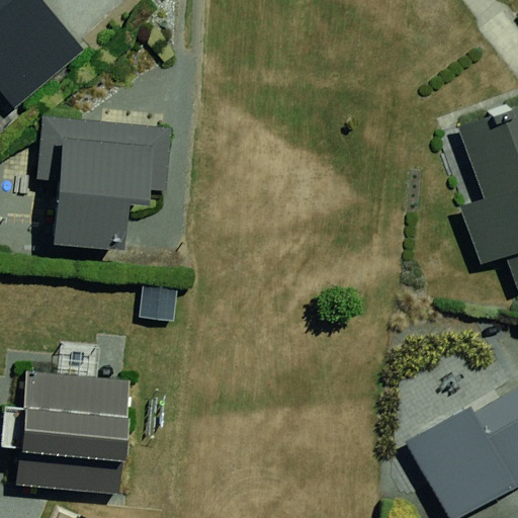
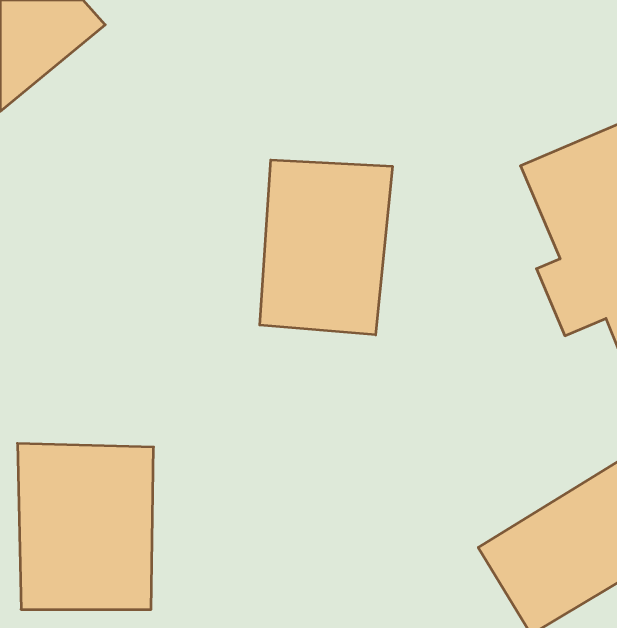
building: [38,118,167,248] -> none
building: none -> [260,160,392,335]

